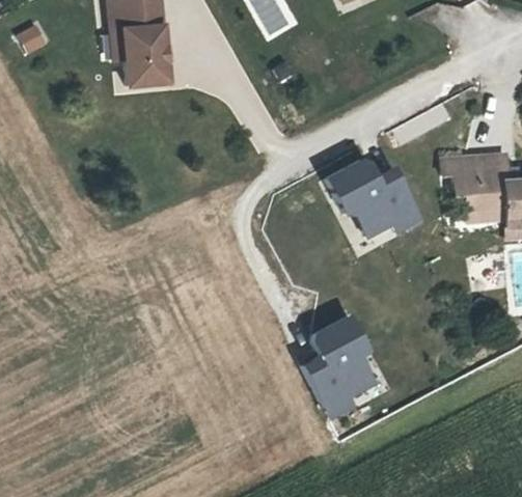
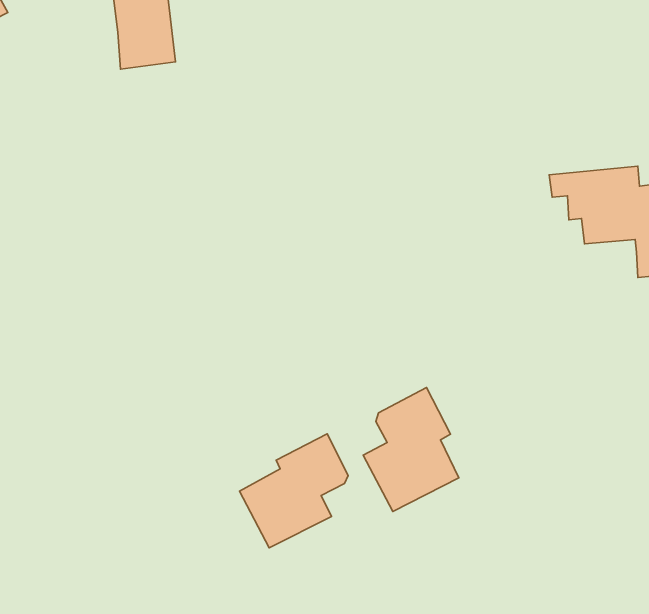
building: [330,164,419,240] -> none
building: none -> [240,434,348,548]

